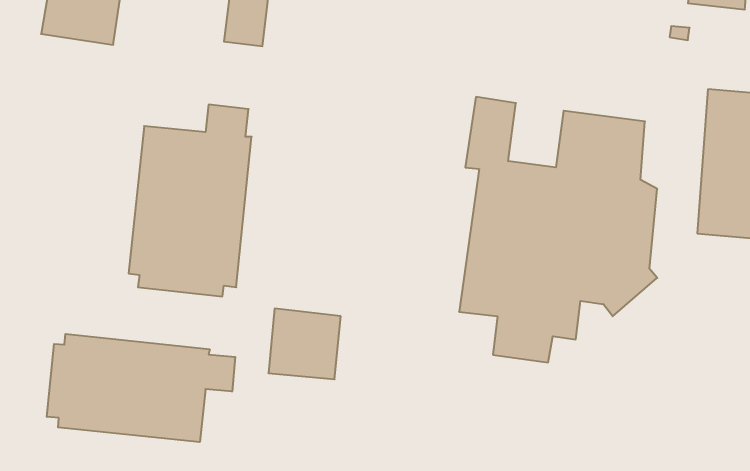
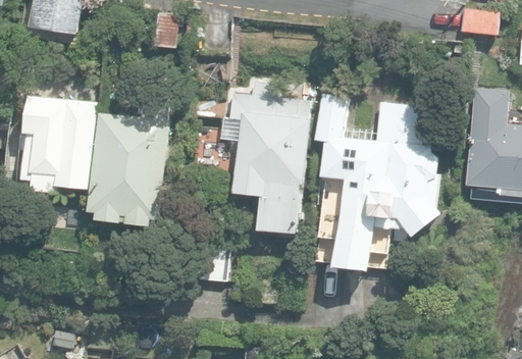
building: none -> [219,83,310,236]
building: none -> [22,95,97,194]
building: [47,334,235,442] -> none

